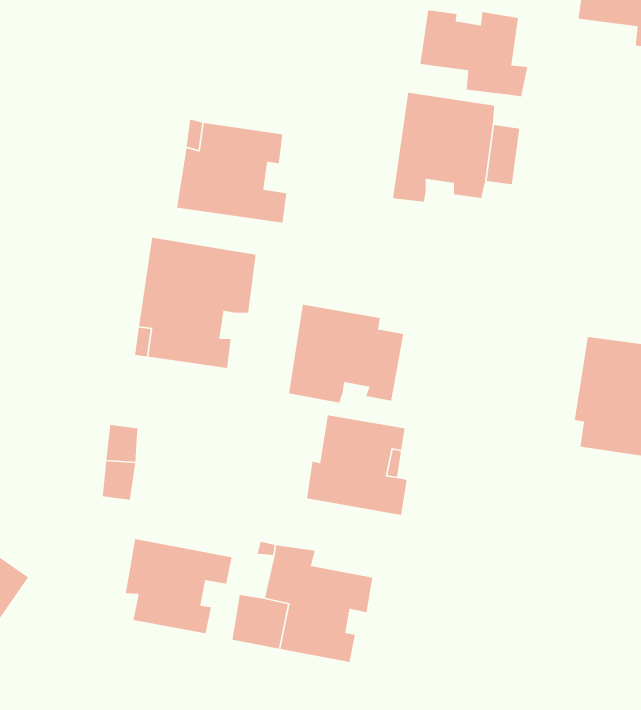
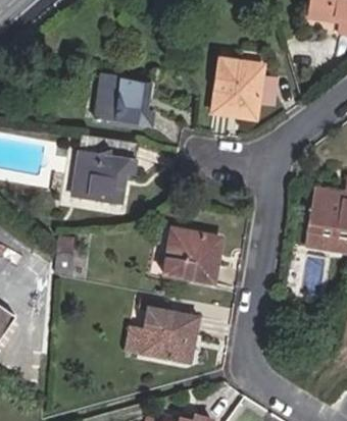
building: [420,9,528,97] -> none
building: [288,304,404,404] -> none
building: [125,538,233,634] -> none

